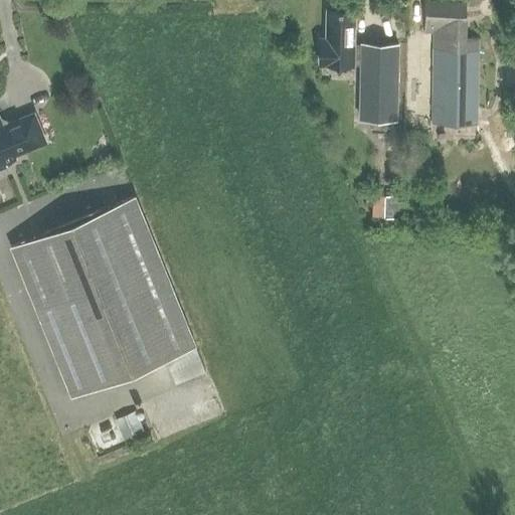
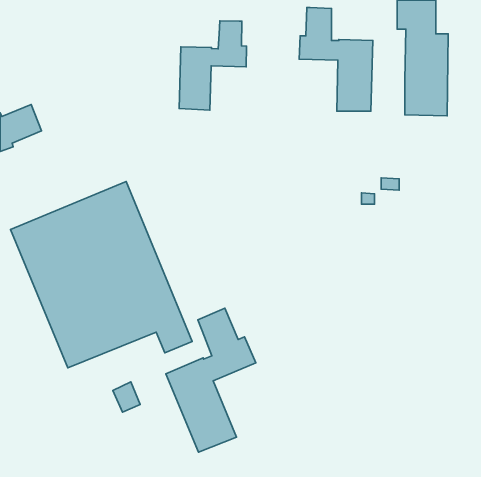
building: none -> [179,21,247,110]
building: none -> [166,308,256,452]

